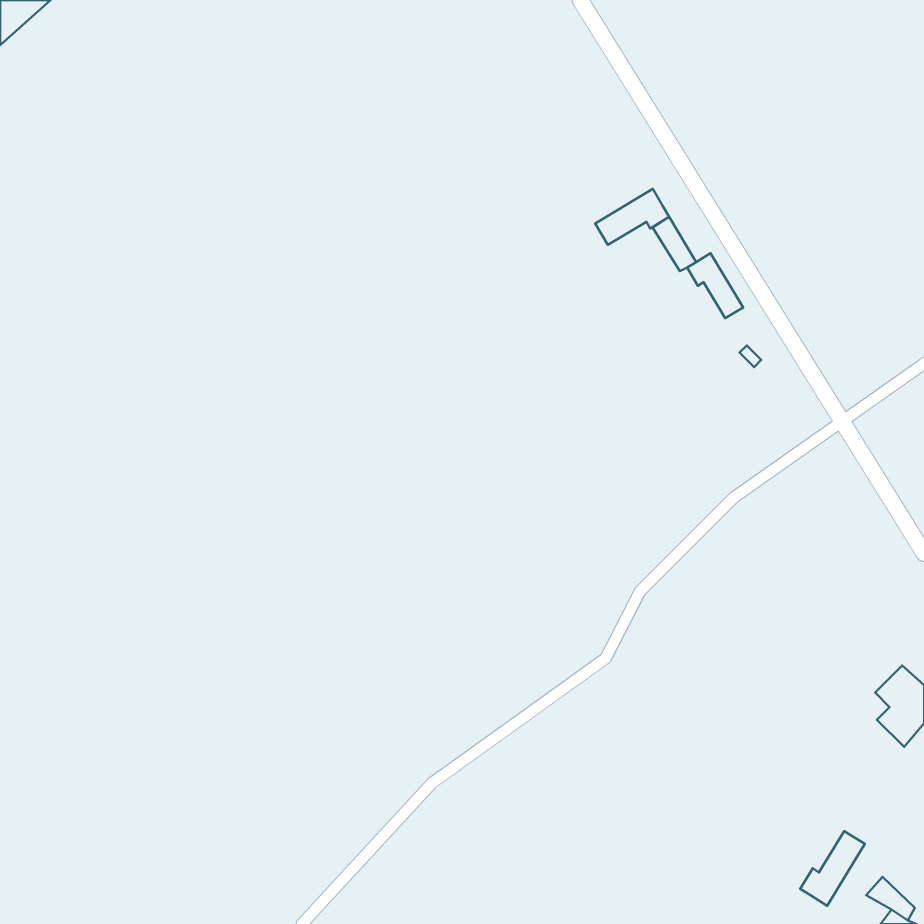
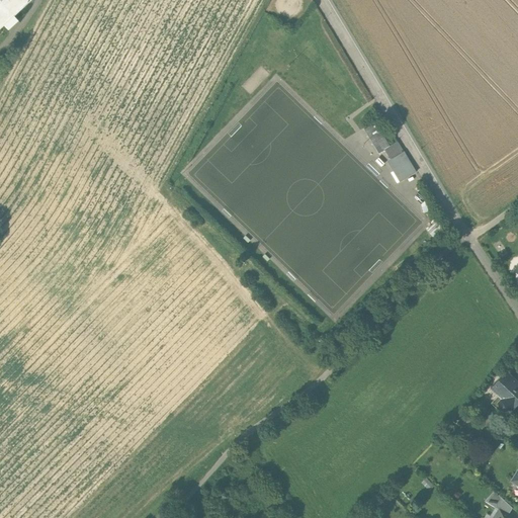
building: [595,189,669,245] -> none
building: [800,831,865,906] -> none

